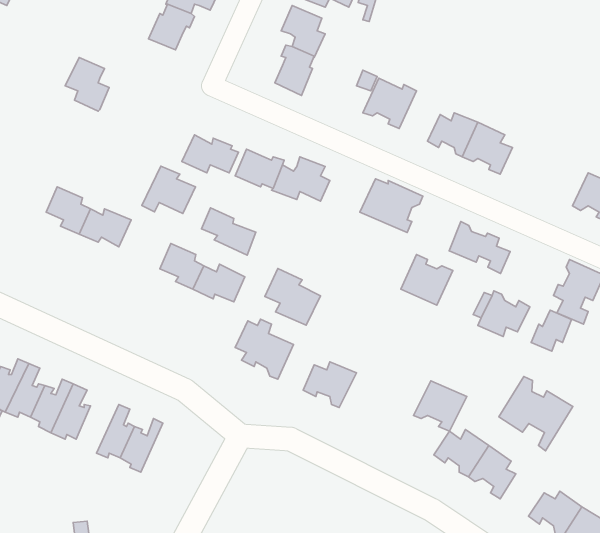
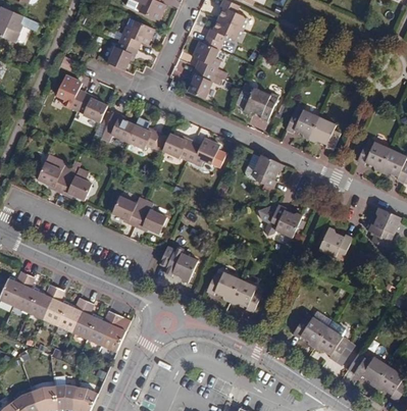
building: none -> [74,92,104,121]
building: none -> [357,143,391,171]
building: [142,166,196,213] -> [101,112,136,143]
building: [201,208,256,255] -> none
building: [449,222,510,273] -> none
building: [265,268,320,325] -> none
building: [531,310,572,351] -> none
building: [499,377,573,451] -> none
building: [413,381,467,431] -> [230,279,264,312]
building: none -> [59,296,87,331]
building: none -> [101,312,130,348]

